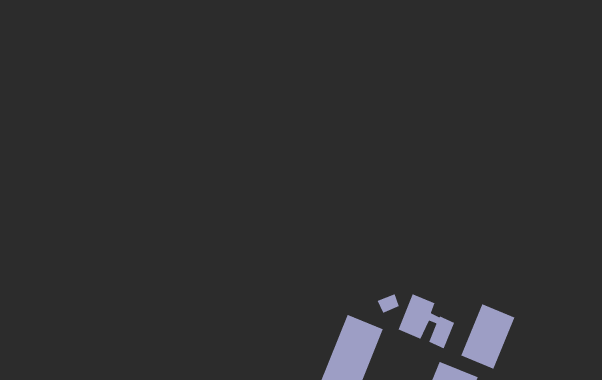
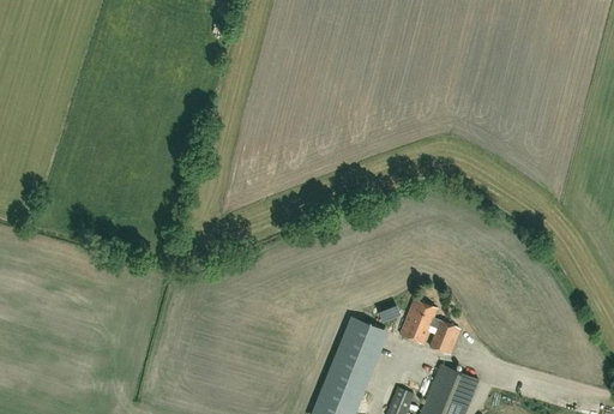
building: [460,303,515,370] -> none

